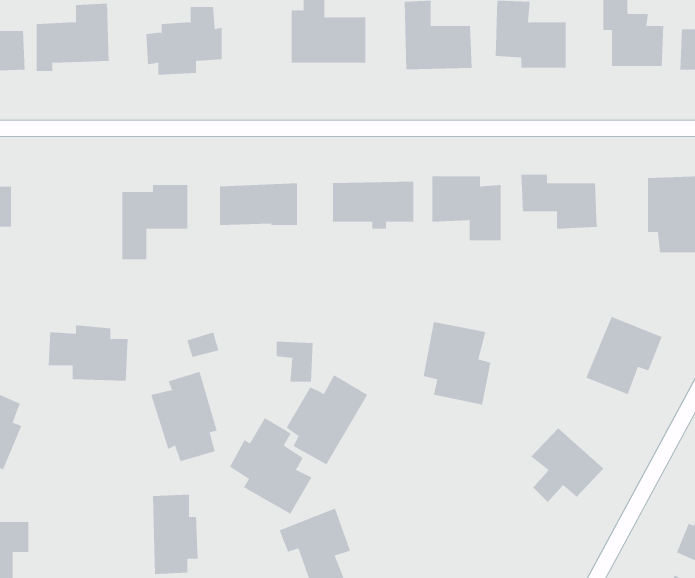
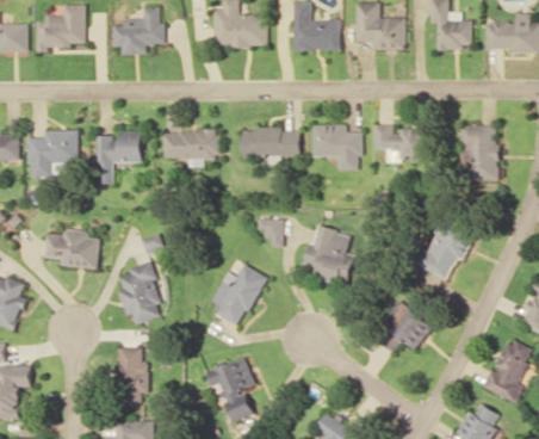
building: none -> [29,130,79,178]
building: [276,341,314,382] -> [256,218,283,247]
building: [229,417,312,514] -> none

